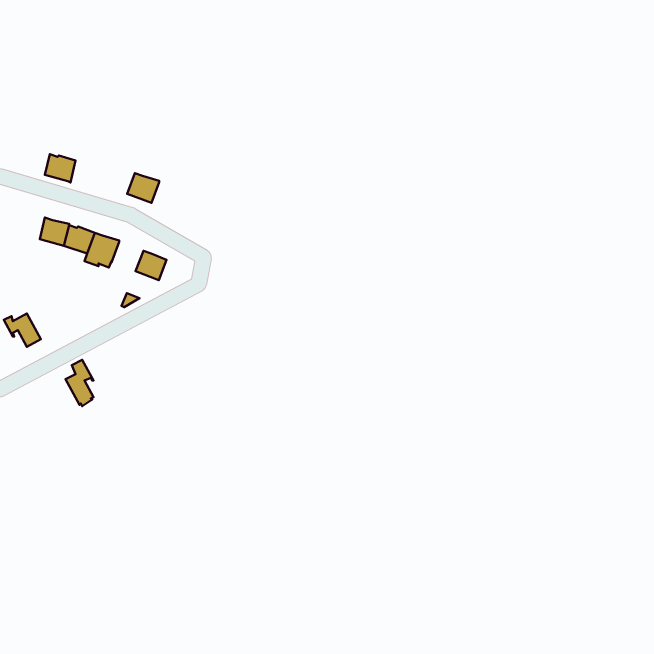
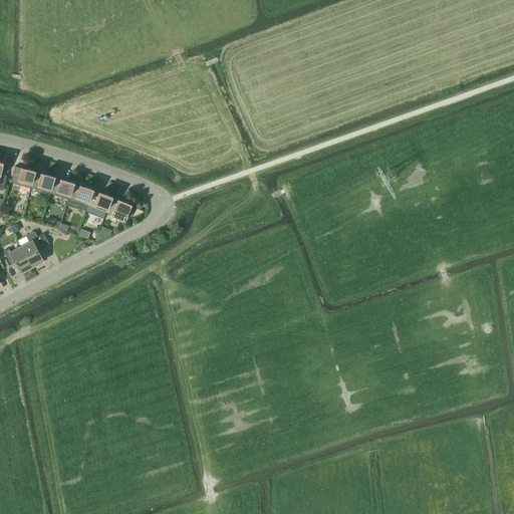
building: [45,154,75,182] -> [11,166,35,188]
building: [127,173,159,203] -> [87,190,112,213]
building: [65,360,94,406] -> [21,231,43,267]

